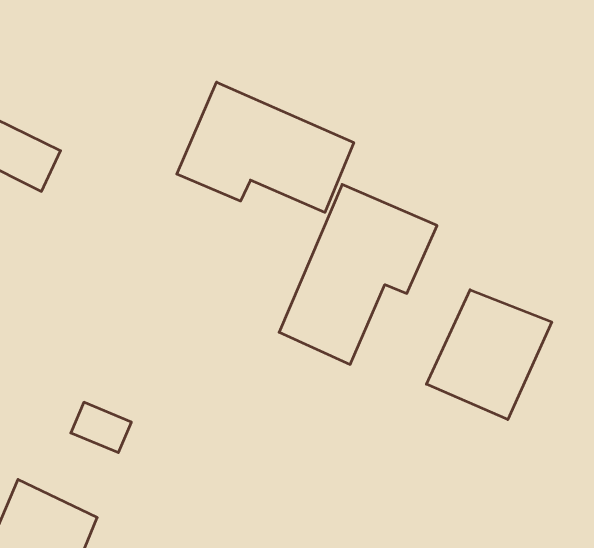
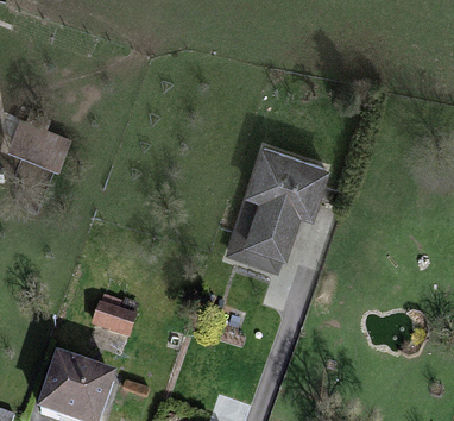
building: [177,82,354,212] -> none
building: [426,290,552,420] -> none

